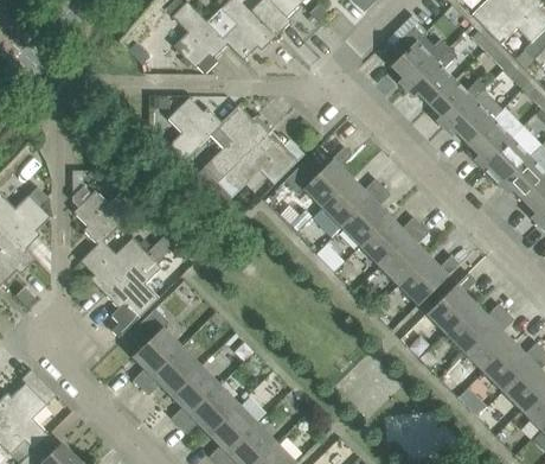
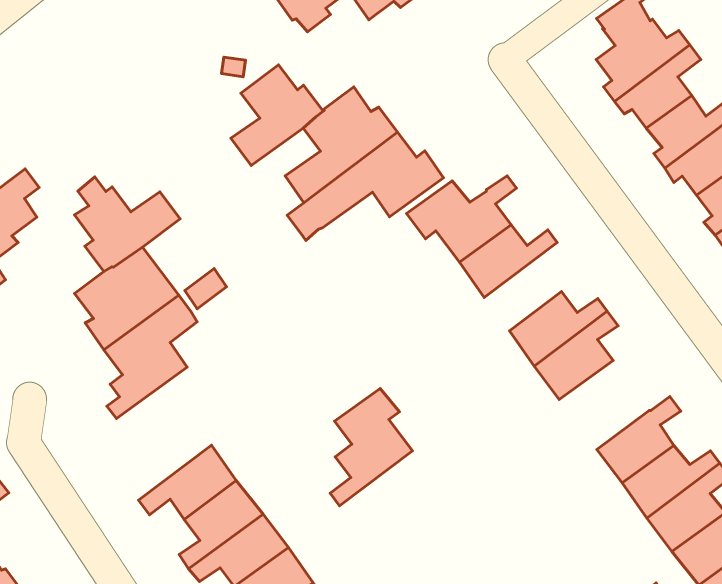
building: [341,185,391,246] -> none
building: [398,255,459,305] -> none
building: [129,309,181,387] -> [330,388,412,506]

